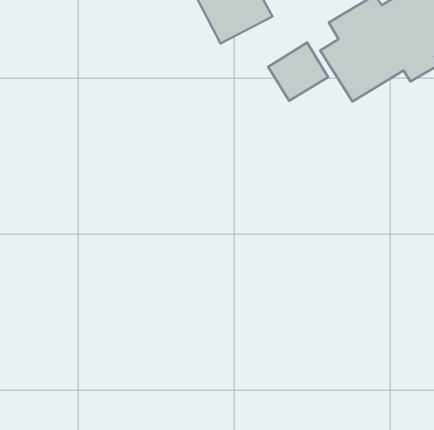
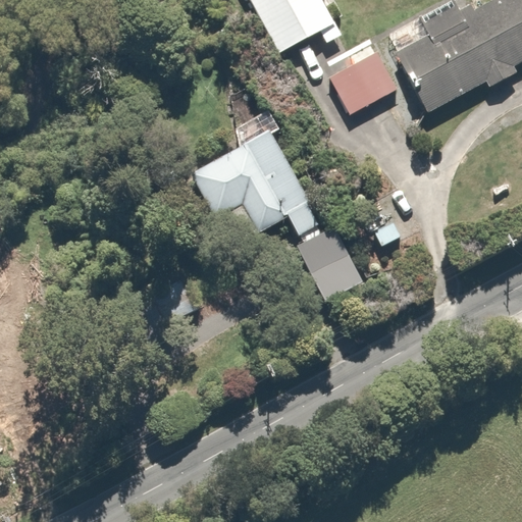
building: none -> [197,125,330,231]
building: none -> [297,228,366,303]

